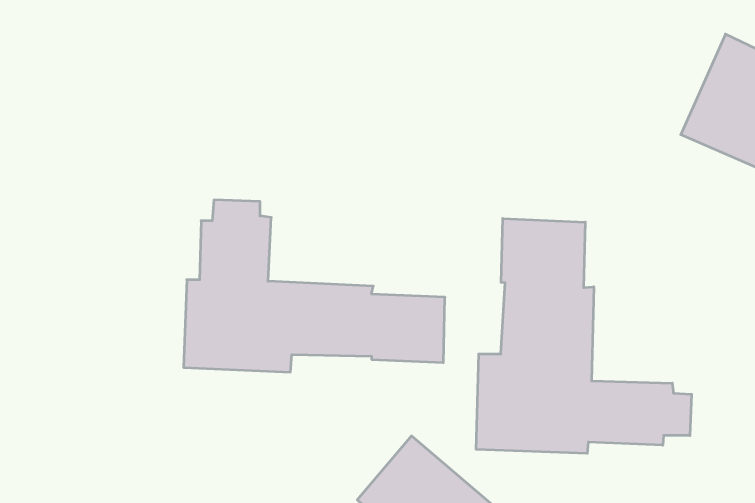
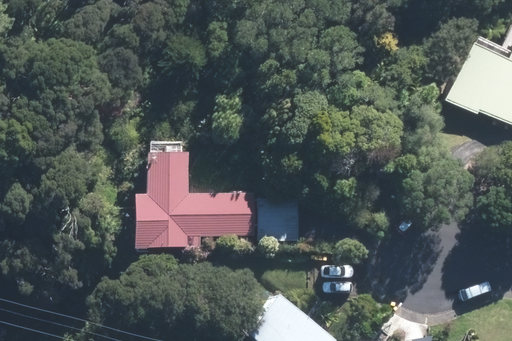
building: [476,218,692,453] -> none

